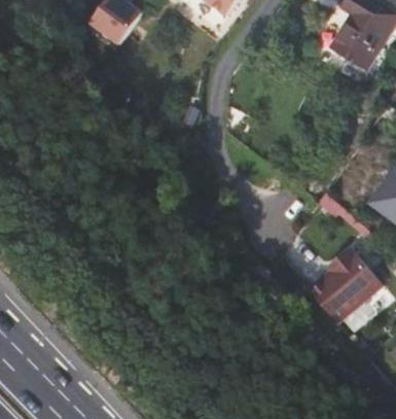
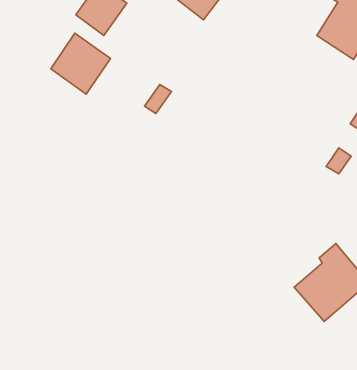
building: none -> [51,33,111,94]

